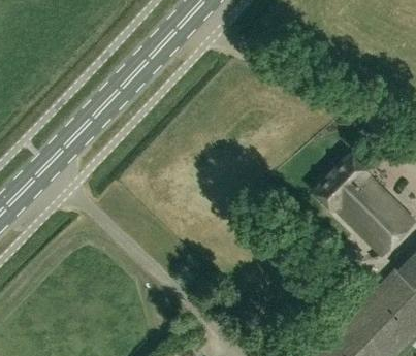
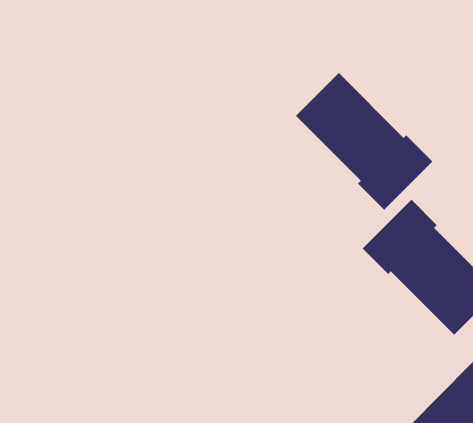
building: none -> [295,72,433,210]

